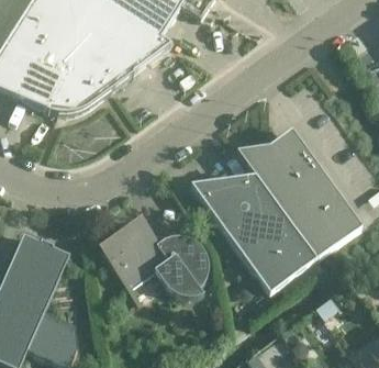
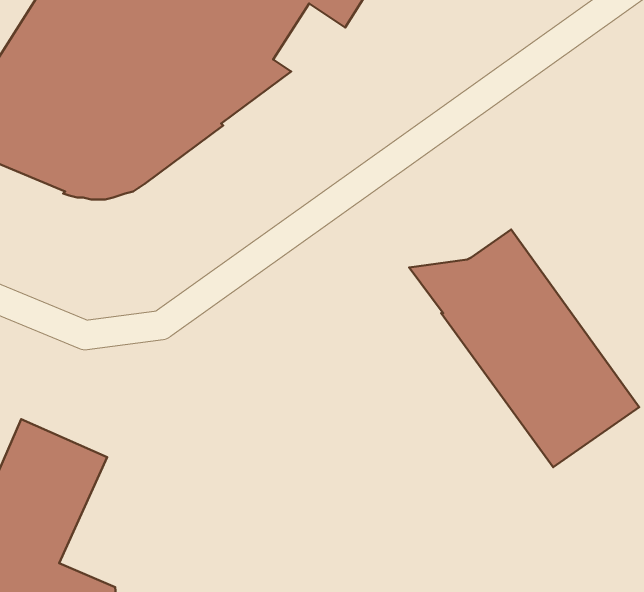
building: [188,168,313,293] -> none
building: [100,220,207,297] -> none

